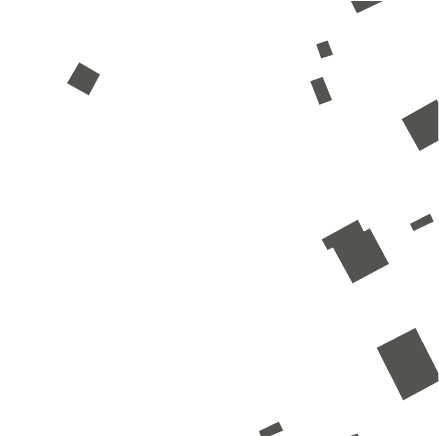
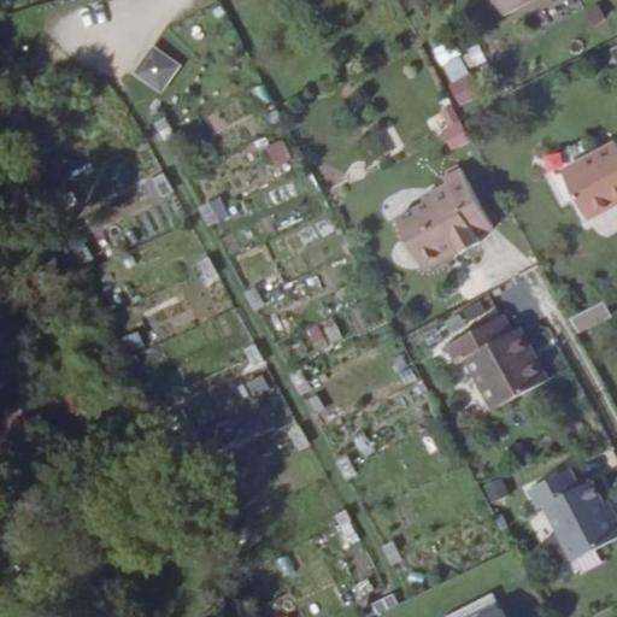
building: [66,61,101,96] -> [130,49,180,99]
building: none -> [395,161,489,259]

